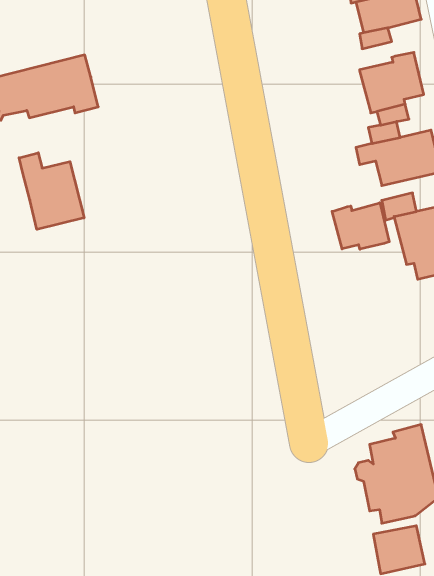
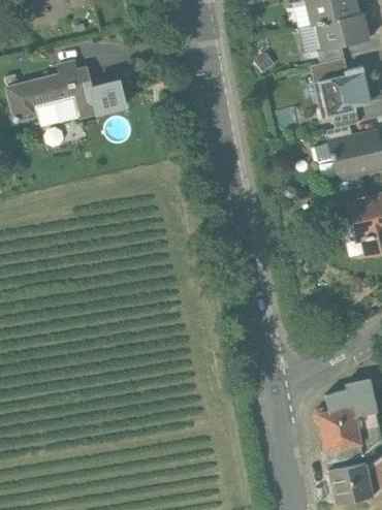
building: none -> [311,56,348,82]
building: none -> [93,78,125,110]
building: [19,153,84,229] -> none
building: [332,203,389,249] -> none

